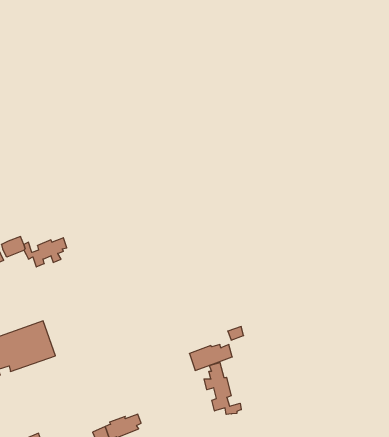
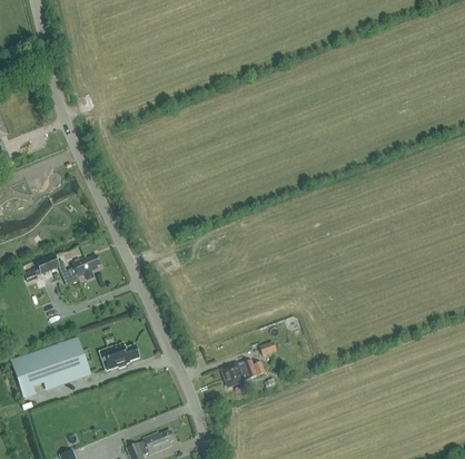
building: none -> [99,342,139,370]
building: [204,362,241,414] -> none

